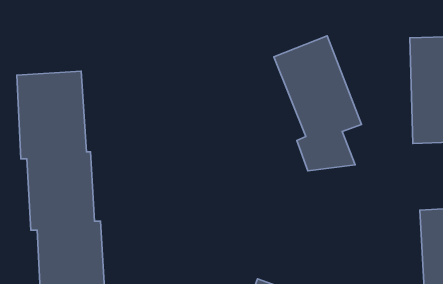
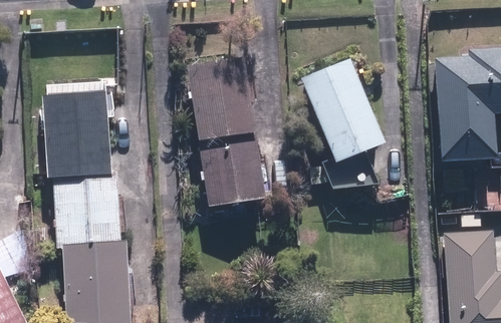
building: none -> [188,58,265,209]

